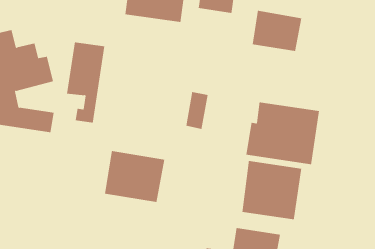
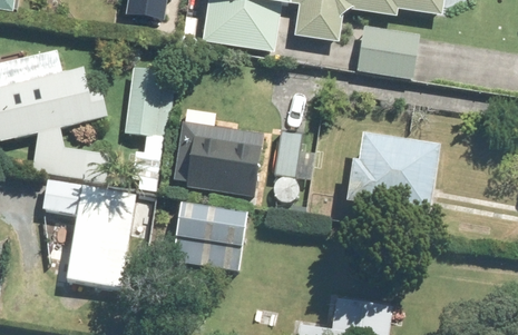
building: none -> [174,127,264,200]
building: none -> [59,187,131,293]
building: [242,160,302,220] -> none

